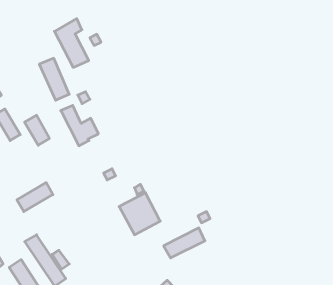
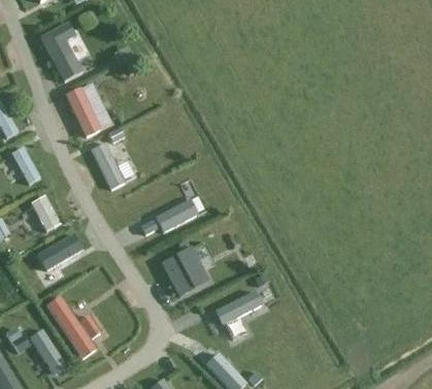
building: [54,19,89,67] -> [40,22,81,80]
building: [25,115,49,145] -> [30,195,60,231]
building: none -> [155,198,197,231]

